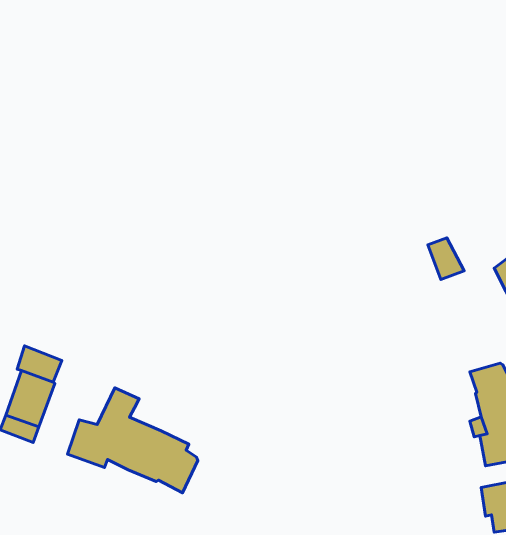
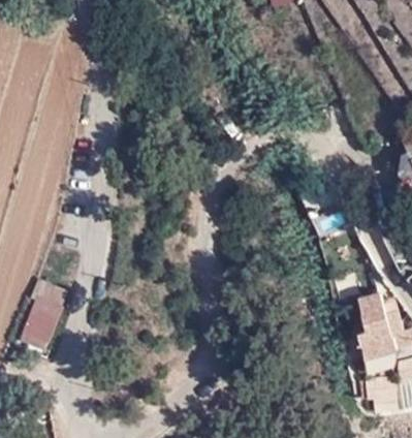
building: [67,388,198,493] -> none

